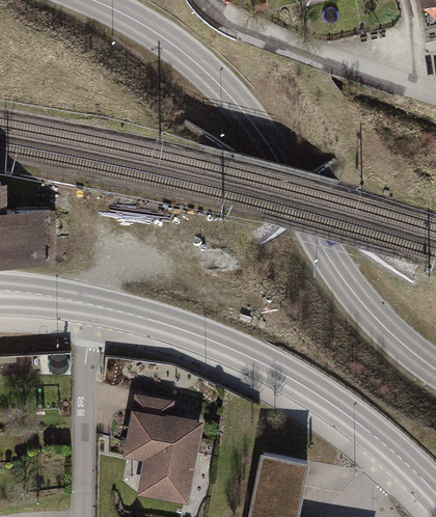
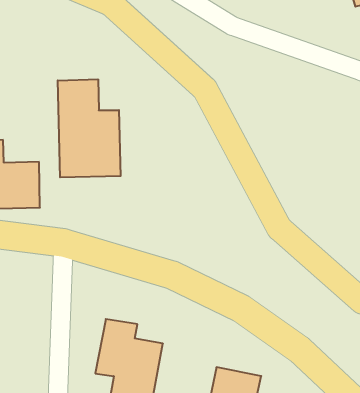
building: none -> [58,79,121,177]

